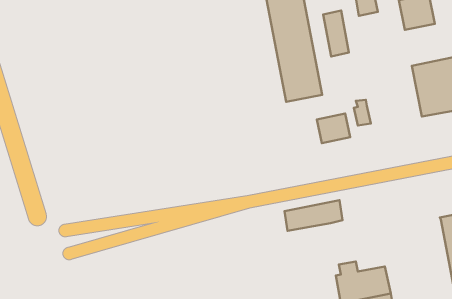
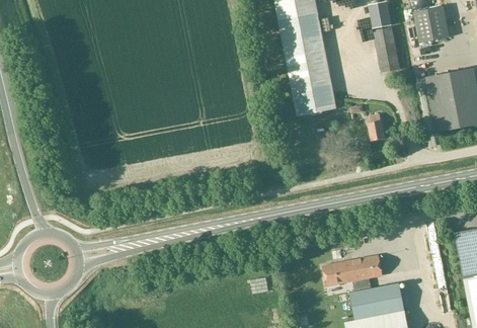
building: [323,10,349,56] -> [374,26,400,73]
building: [317,114,350,143] -> none
building: [285,200,342,231] -> [323,254,382,285]

